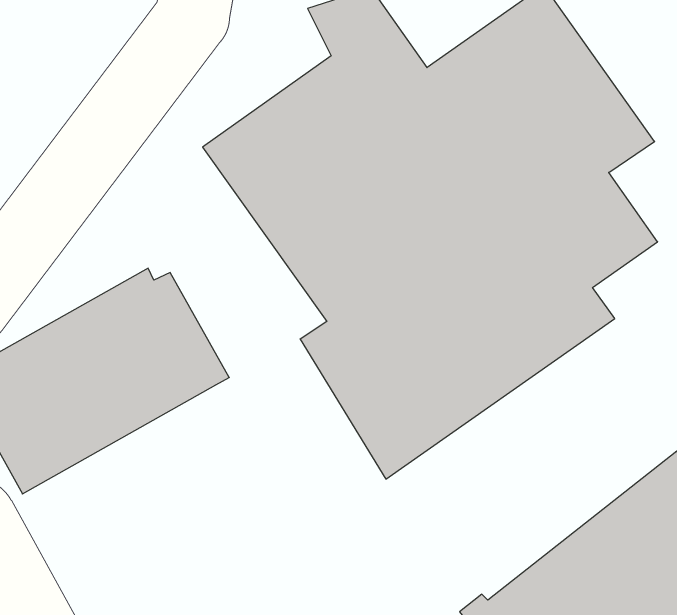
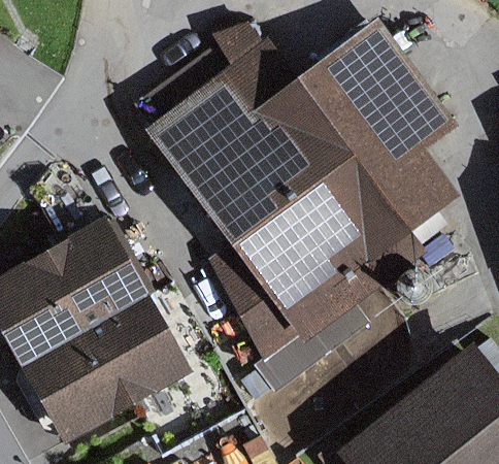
building: none -> [16,298,194,451]

